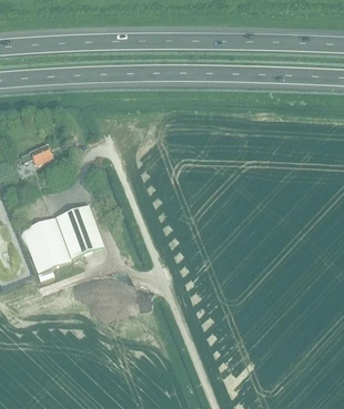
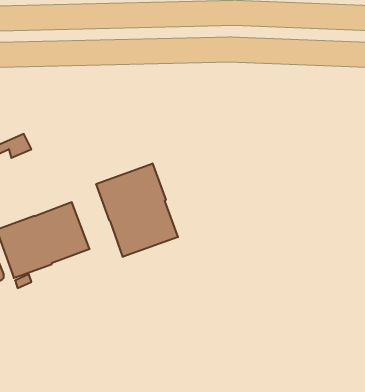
building: none -> [96,163,178,257]

